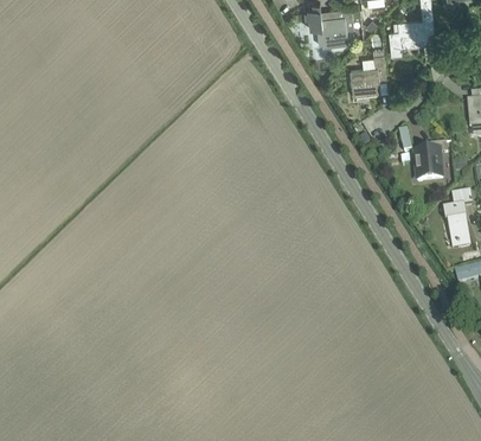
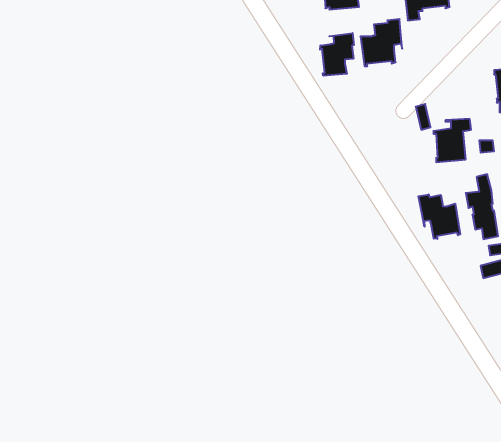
building: none -> [320,33,354,76]
building: none -> [418,194,460,239]

